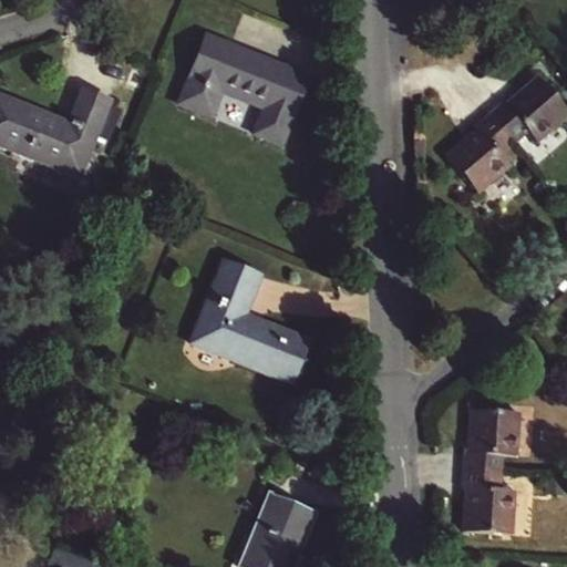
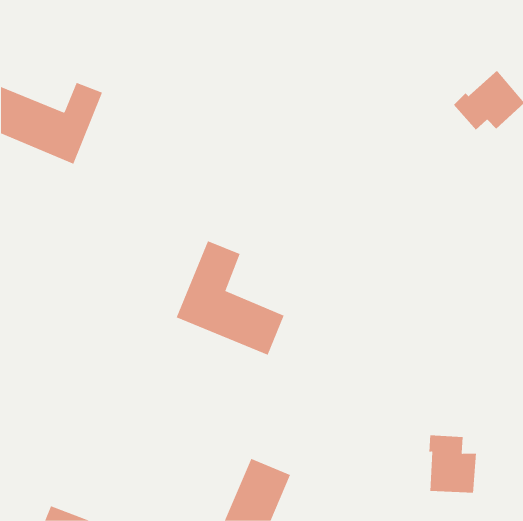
building: [179,33,310,145] -> none
building: [446,113,515,190] -> none
building: [465,408,520,471] -> none

